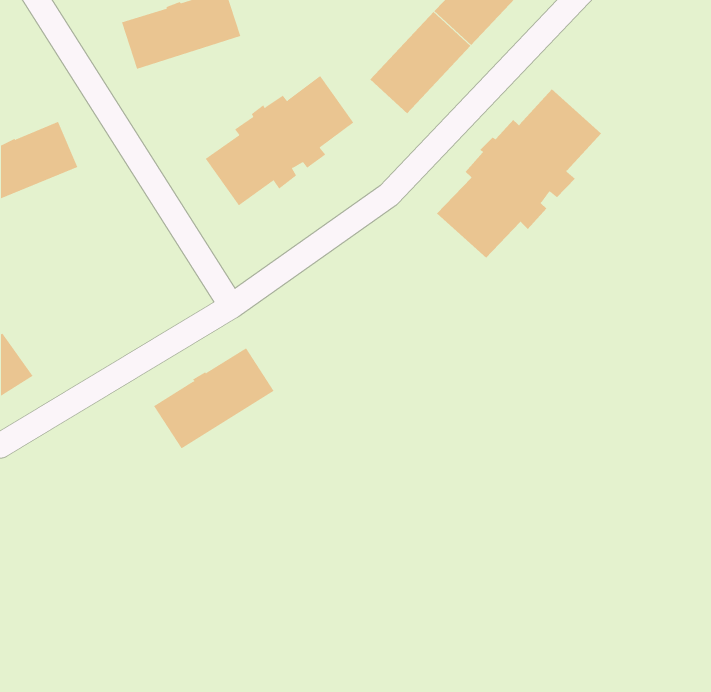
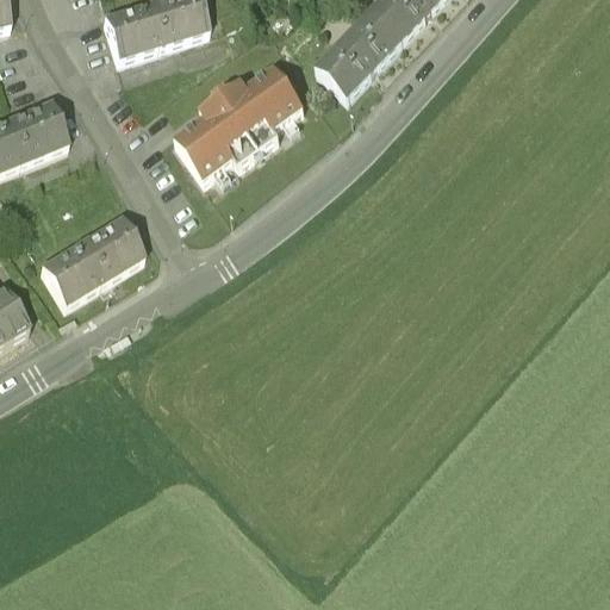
building: [436,88,602,258] -> none
building: [153,348,274,449] -> [42,212,145,299]

